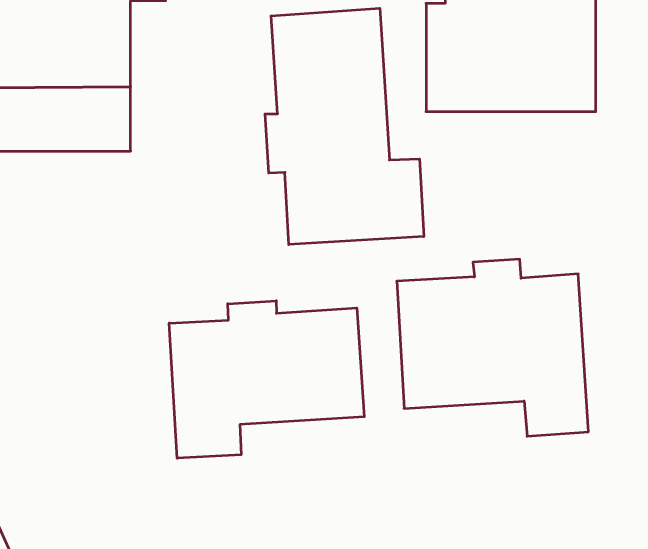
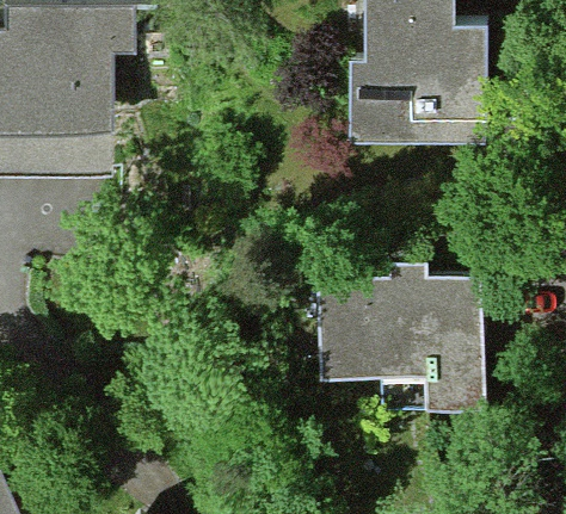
building: [265,8,424,245] -> none
building: [169,301,364,458] -> none

